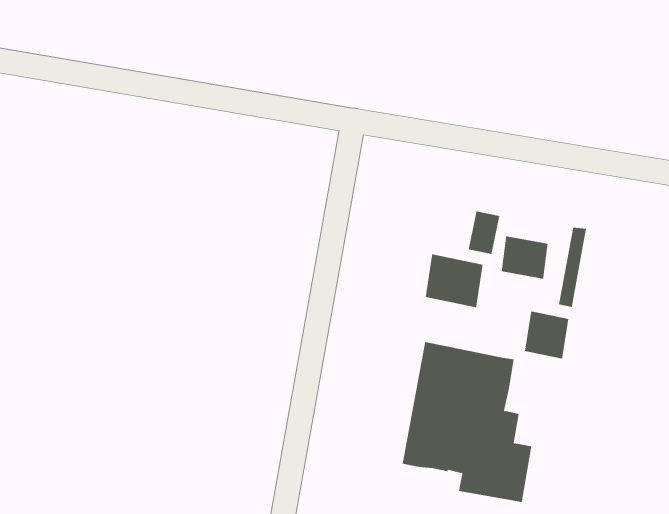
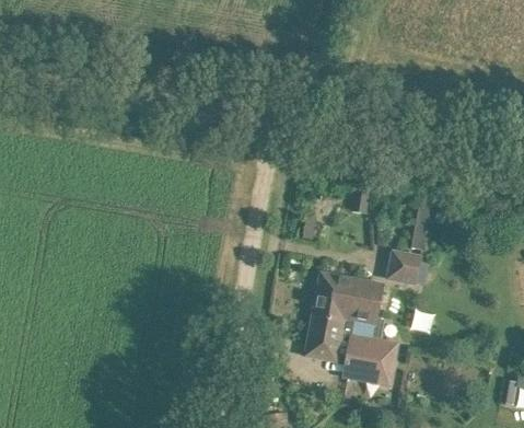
building: [501,235,548,280] -> none
building: [425,253,483,308] -> none

